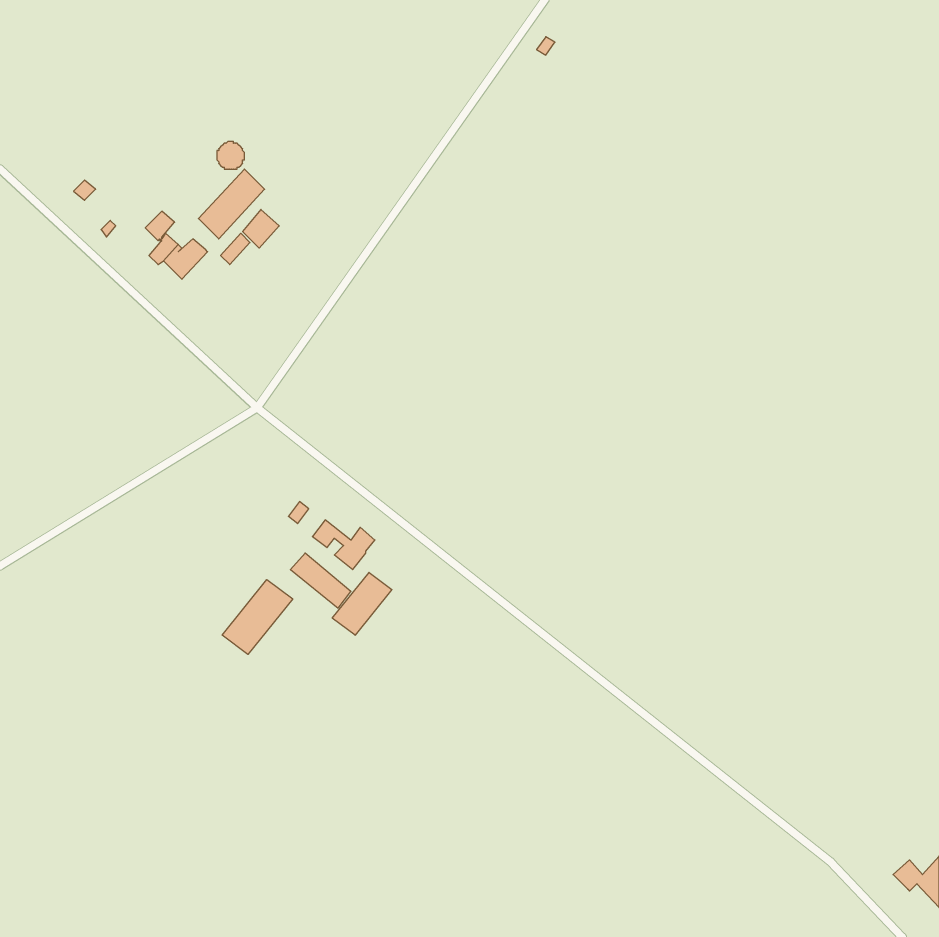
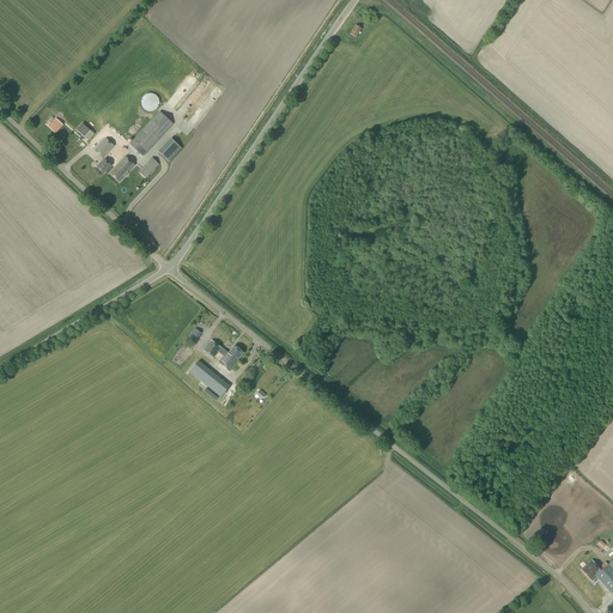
building: [332,572,392,635] -> none
building: [222,580,293,654] -> none

